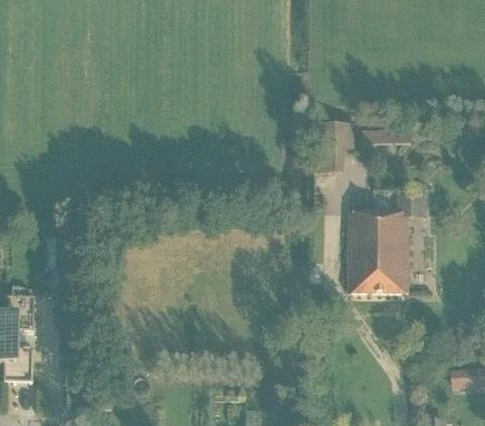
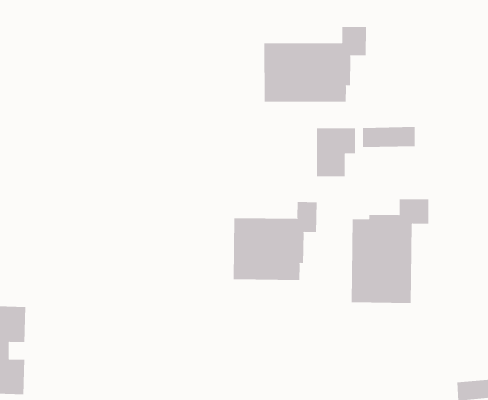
building: none -> [264,26,367,103]
building: none -> [233,201,317,281]

